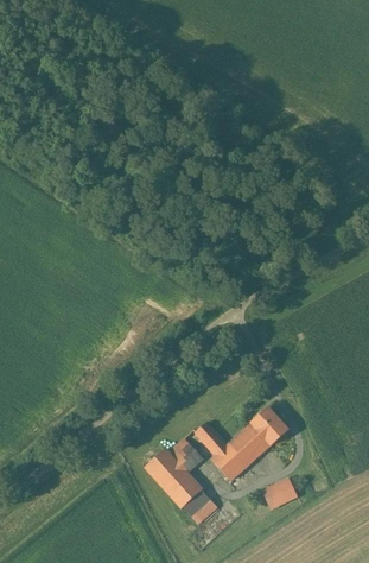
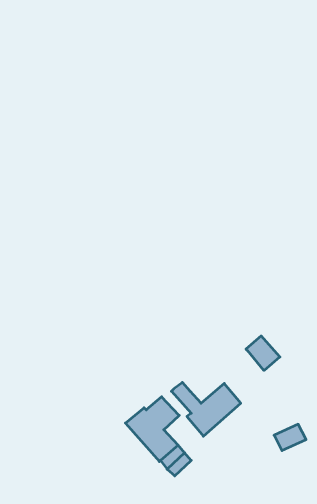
building: [250,407,287,444] -> [246,336,280,370]
building: [262,479,297,507] -> [274,424,306,451]

